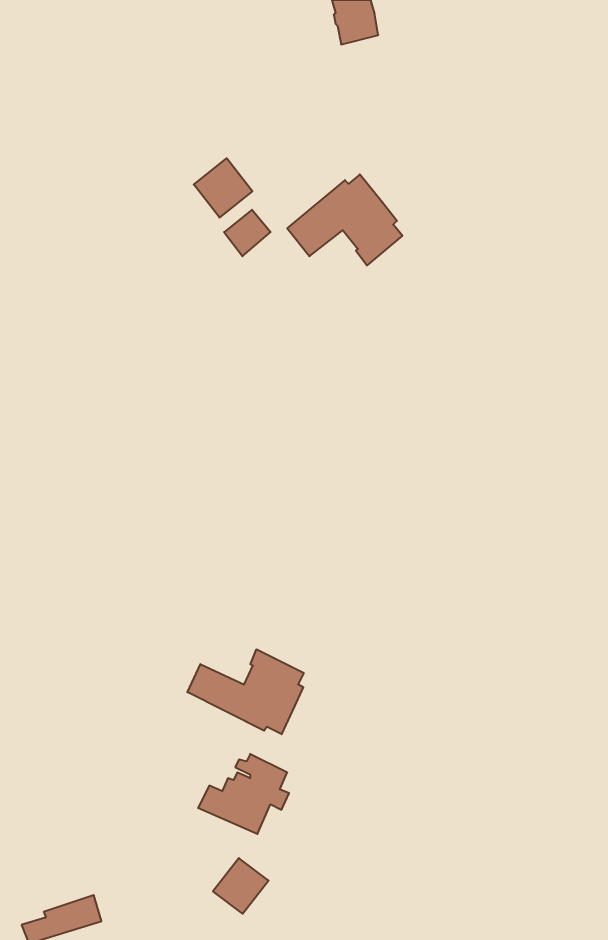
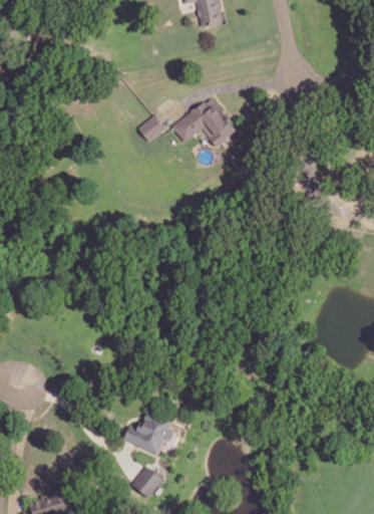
building: [194,158,252,218] -> none
building: [187,649,304,734] -> none

